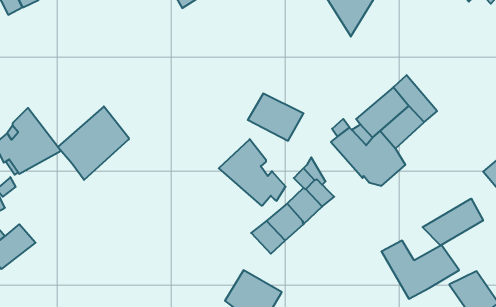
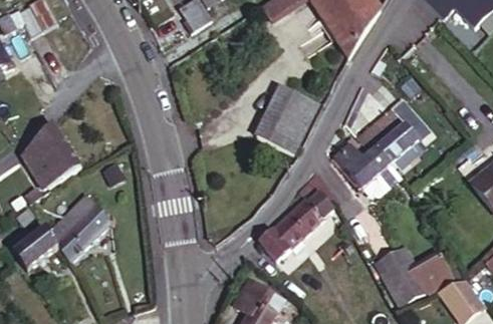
building: none -> [269,88,318,129]
building: [58,106,129,180] -> [47,196,112,263]
building: [219,139,286,206] -> none
building: [423,199,483,246] -> none

